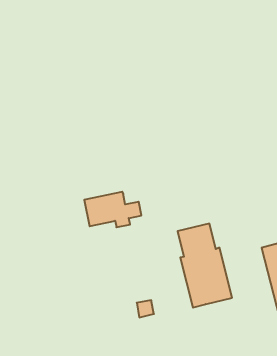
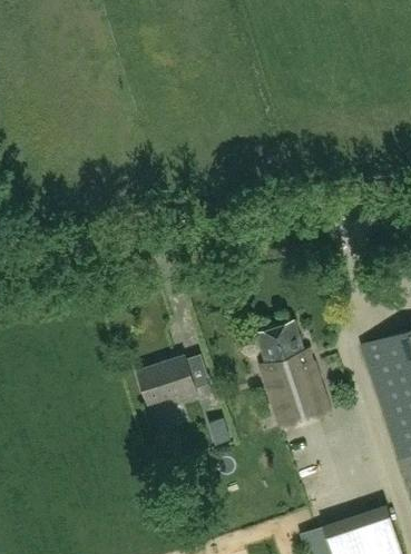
building: [84,192,141,227] -> [137,356,209,402]

